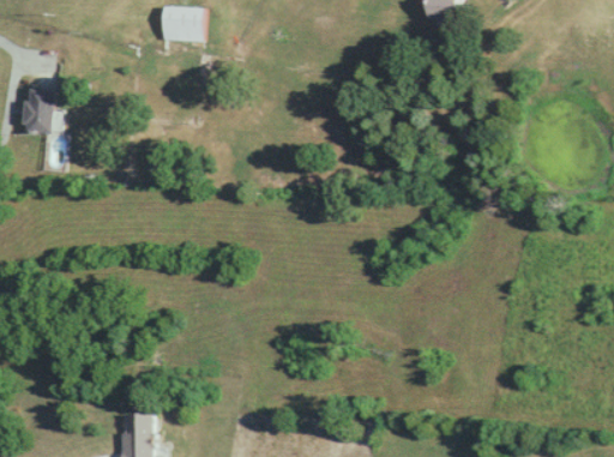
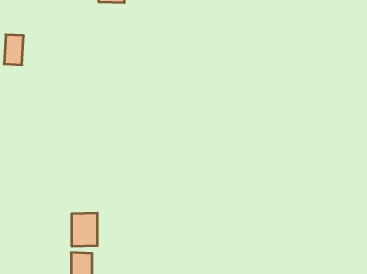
building: none -> [72,213,97,246]

